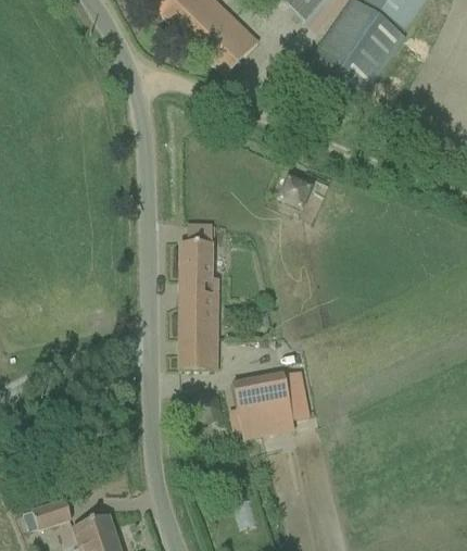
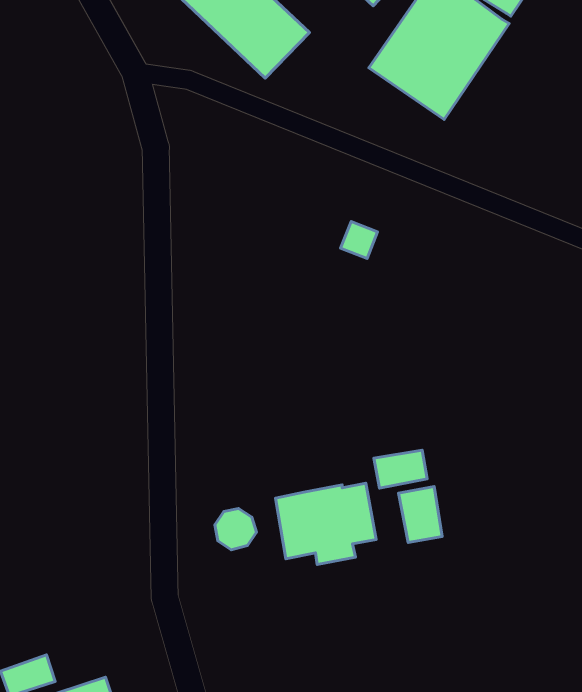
building: [179,239,220,367] -> none
building: none -> [374,450,427,488]
building: none -> [399,486,442,542]

